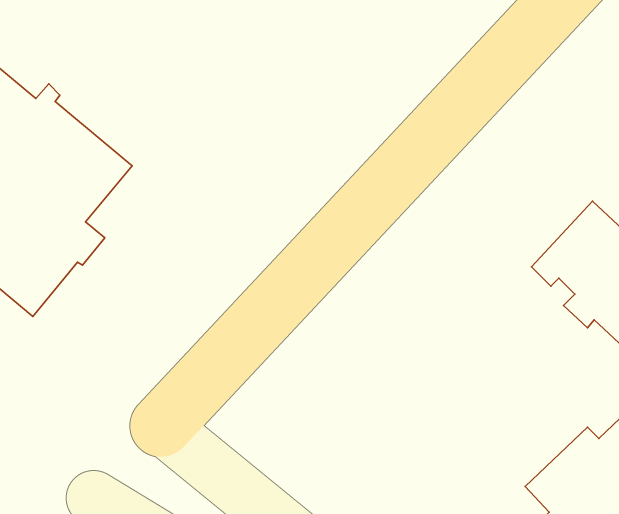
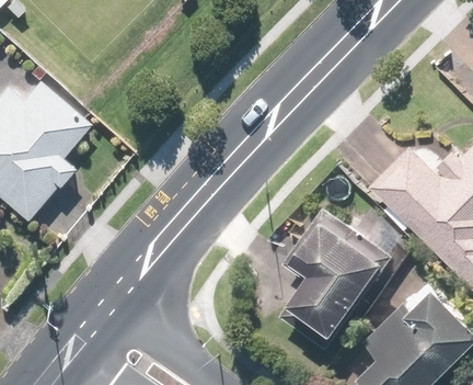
building: none -> [281,206,393,348]

